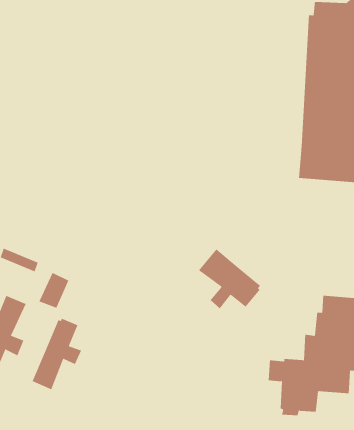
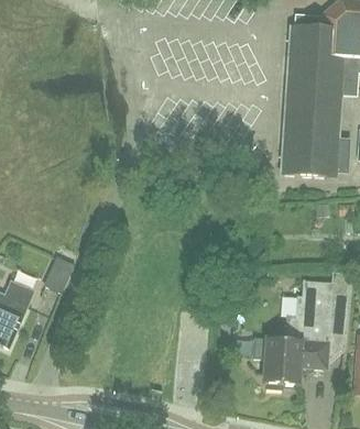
building: [198,249,261,309] -> none
building: [32,318,82,390] -> none

